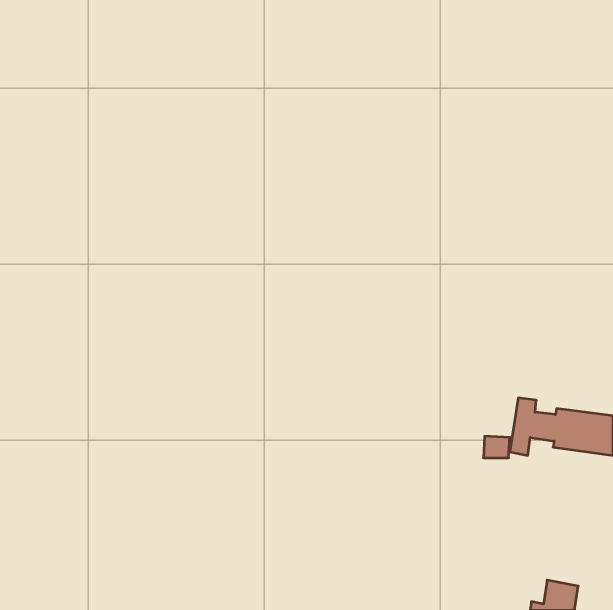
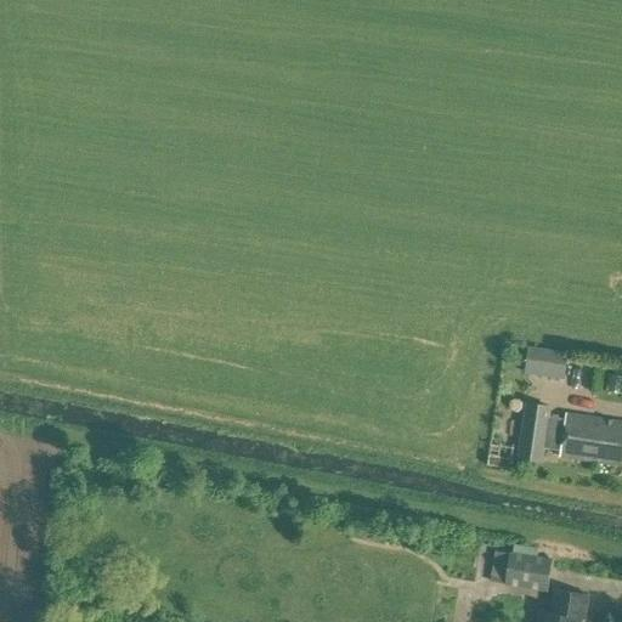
building: none -> [537,347,569,379]
building: none -> [505,553,553,590]

